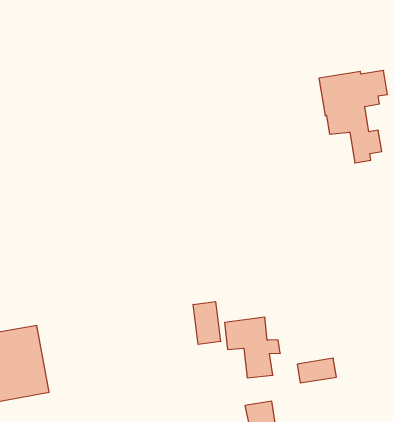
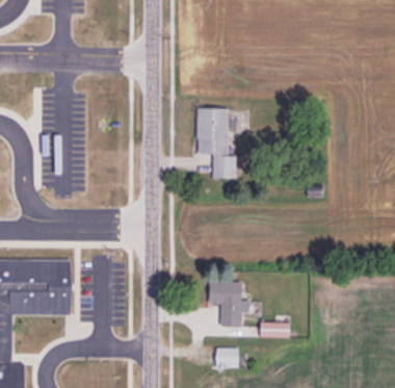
building: [319,70,388,163] -> [196,109,246,178]
building: [193,302,221,344] -> none

